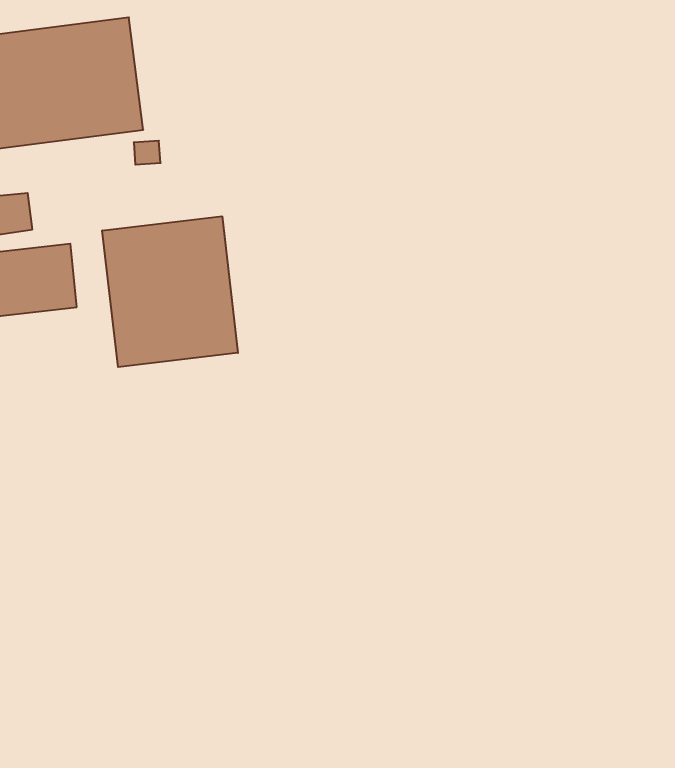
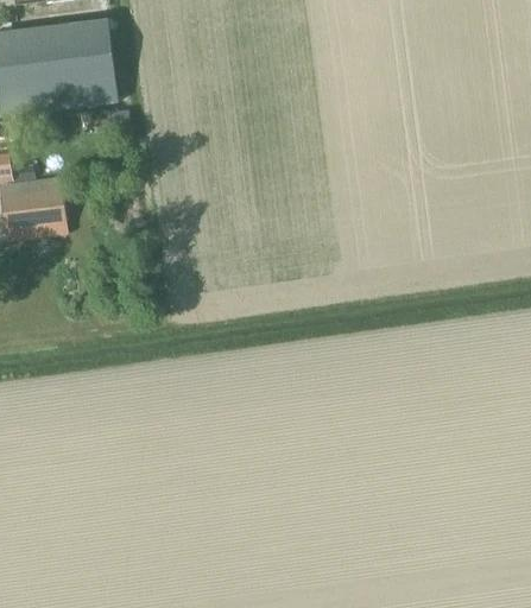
building: [102,216,238,367] -> none

